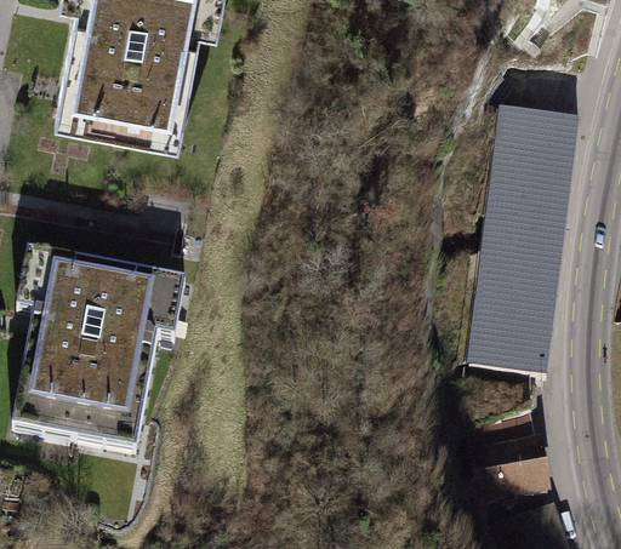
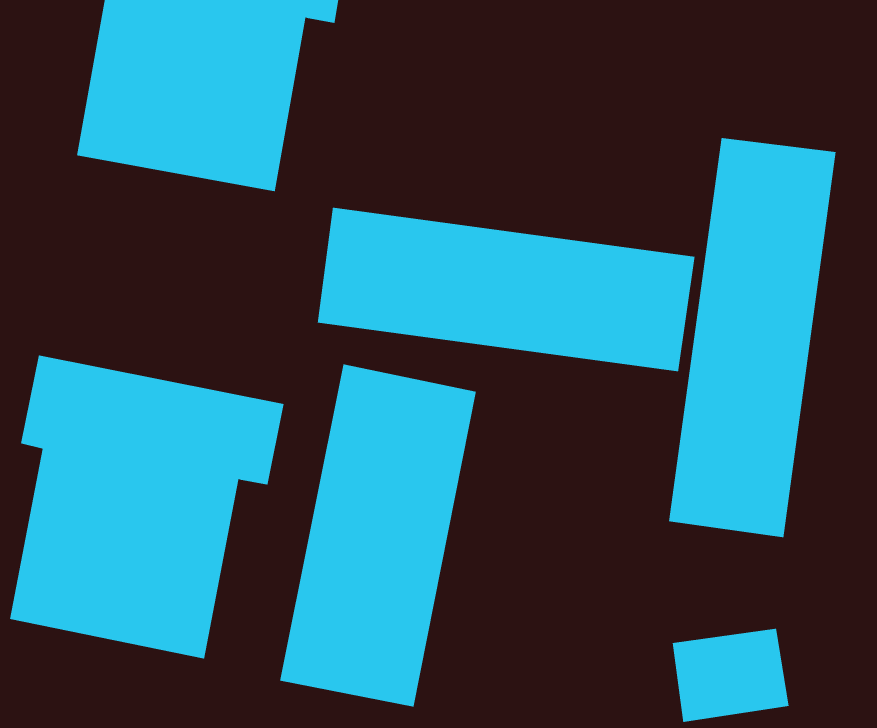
building: none -> [317,207,695,372]
building: none -> [280,364,477,707]

